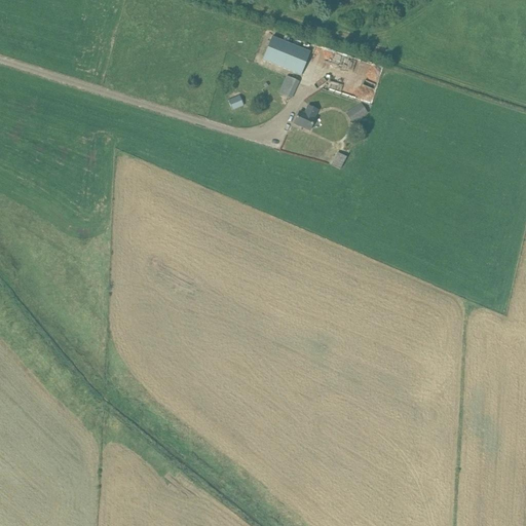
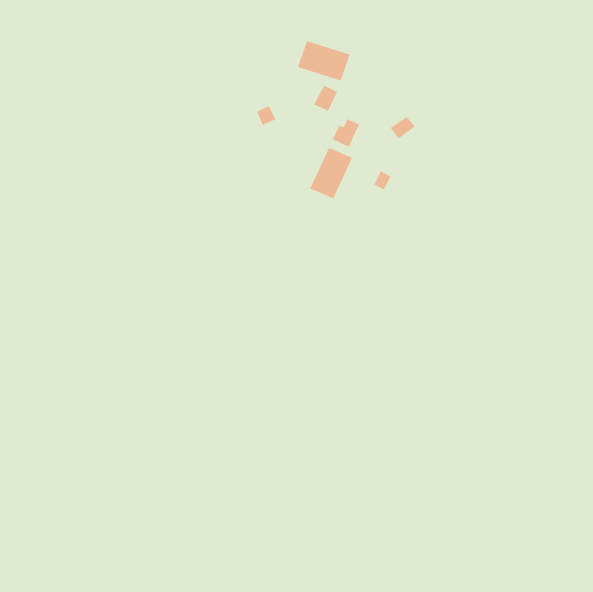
building: none -> [309,147,353,199]

